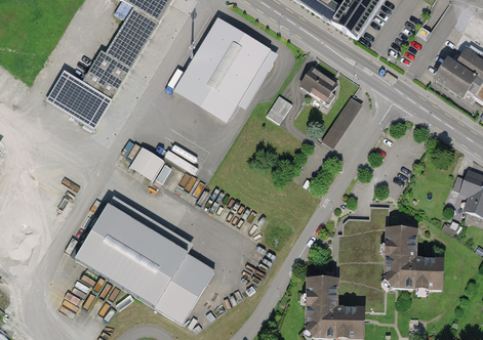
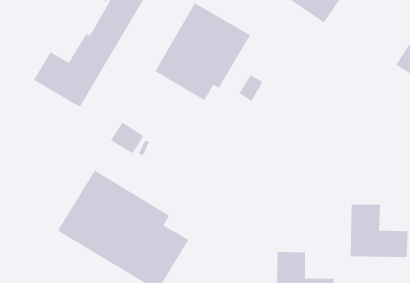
building: [298,67,337,103] -> none
building: [320,96,361,148] -> none

